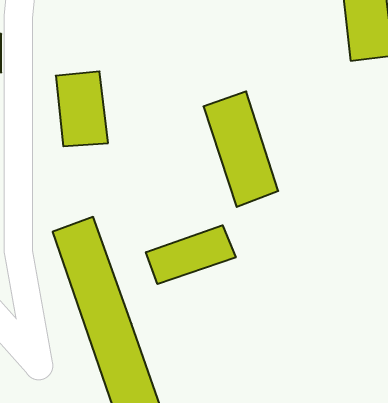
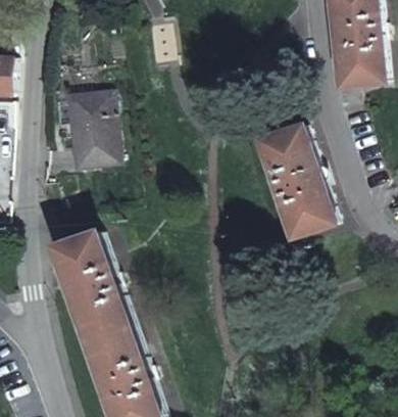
building: [203,91,278,207] -> [260,126,332,236]
building: [146,225,236,284] -> none

